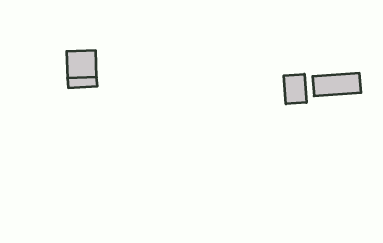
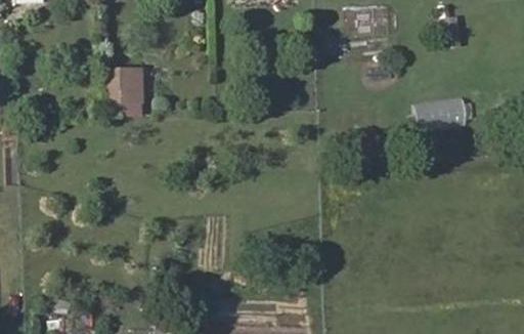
building: [284,74,306,104] -> none

